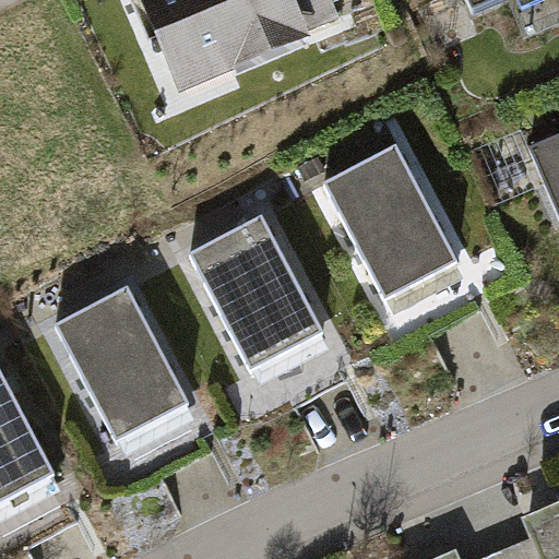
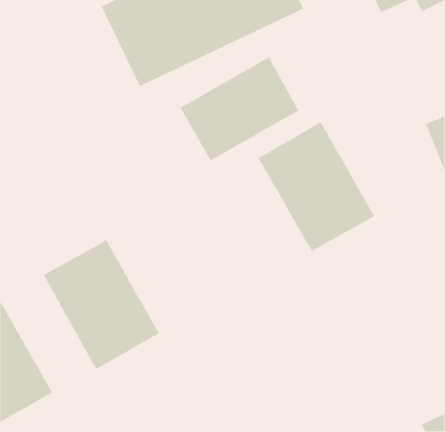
building: none -> [179,56,300,161]
building: [188,227,335,391] -> none

